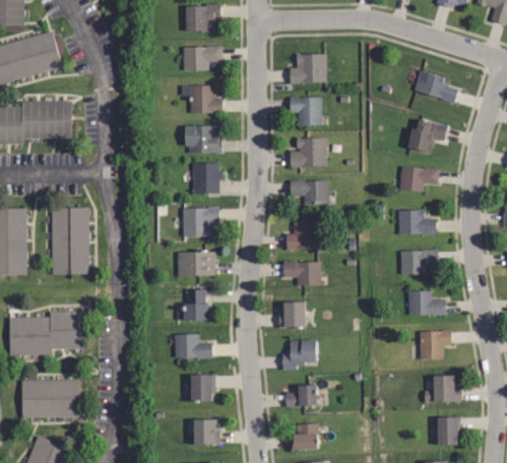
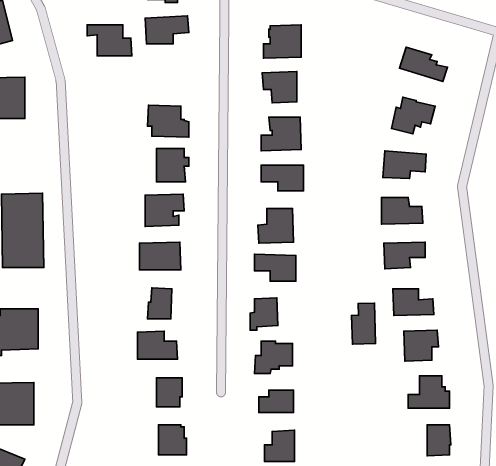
building: [182,85,223,114] -> [87,25,132,56]
building: none -> [352,303,375,344]

